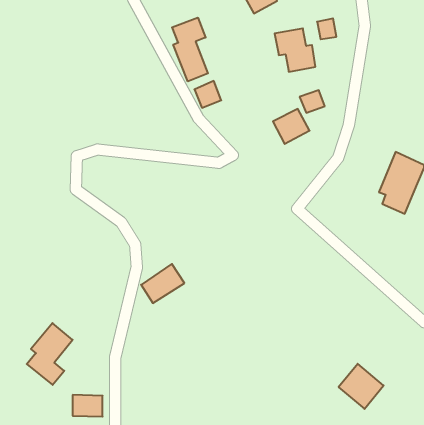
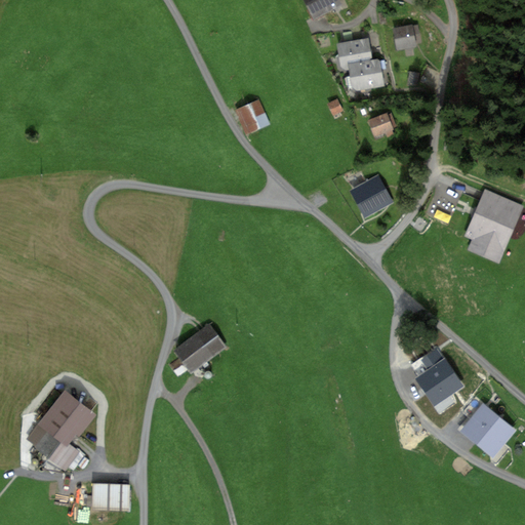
building: [172,18,208,81] -> none
building: [273,109,310,144] -> [348,173,393,216]
building: none -> [416,347,456,400]
building: [339,364,384,409] -> [457,401,513,456]

